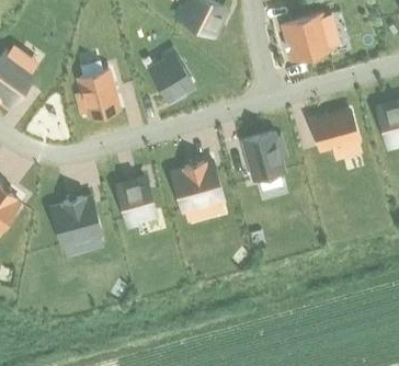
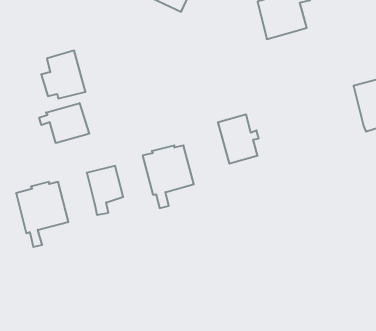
building: [151,56,191,96] -> none
building: [311,112,358,159] -> none
building: none -> [39,103,89,143]

